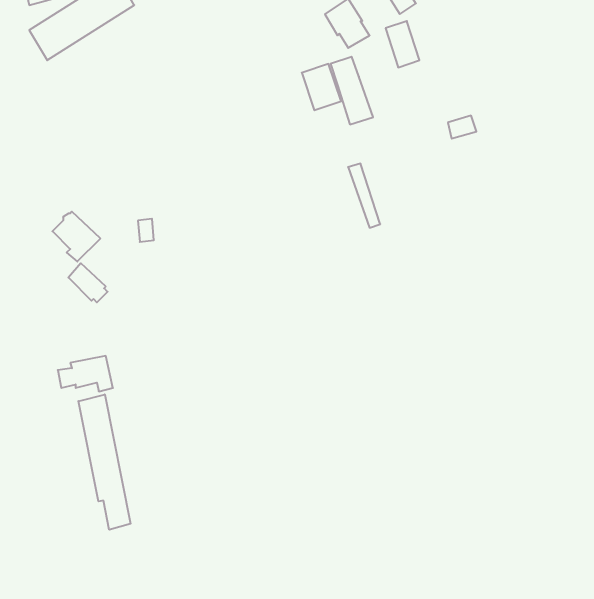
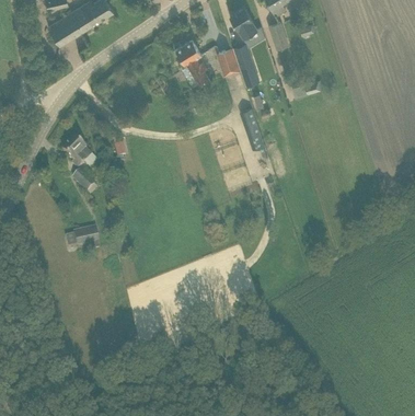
building: none -> [174,38,209,85]
building: [78,394,131,530] -> none

